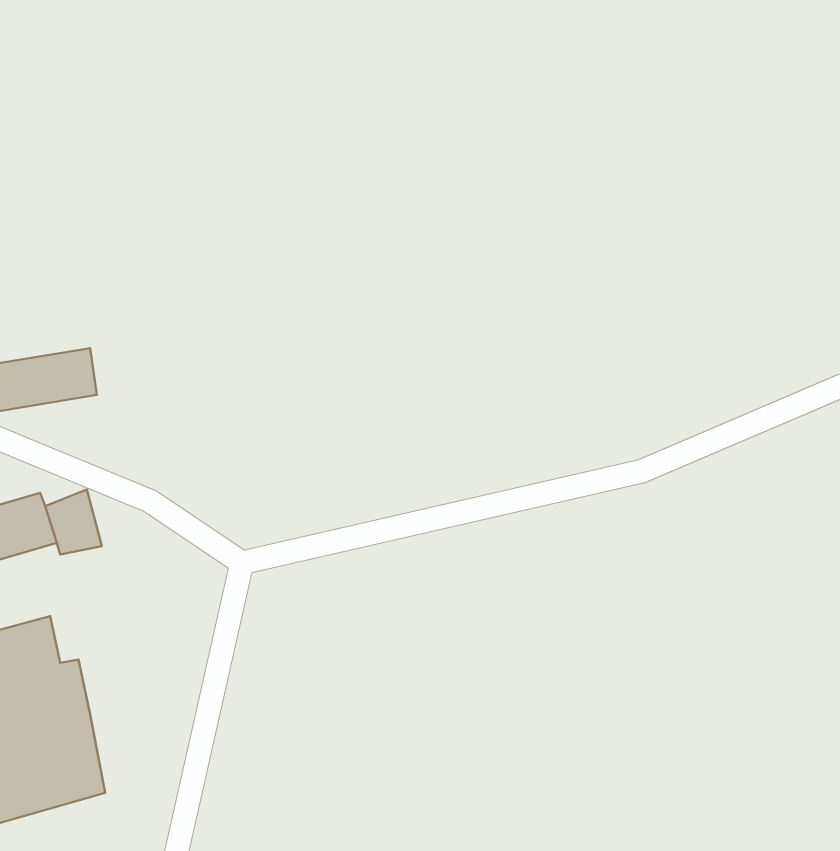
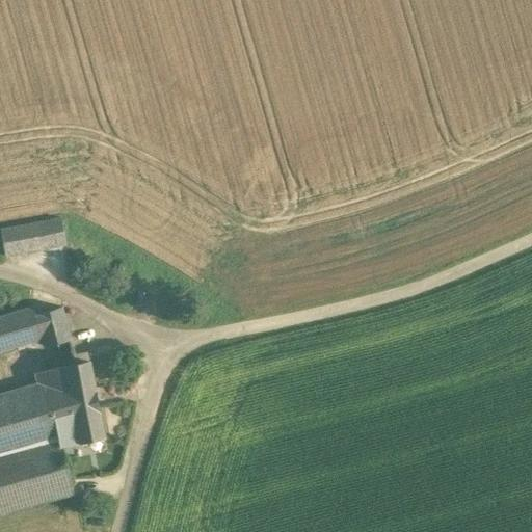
building: none -> [28,362,98,446]

